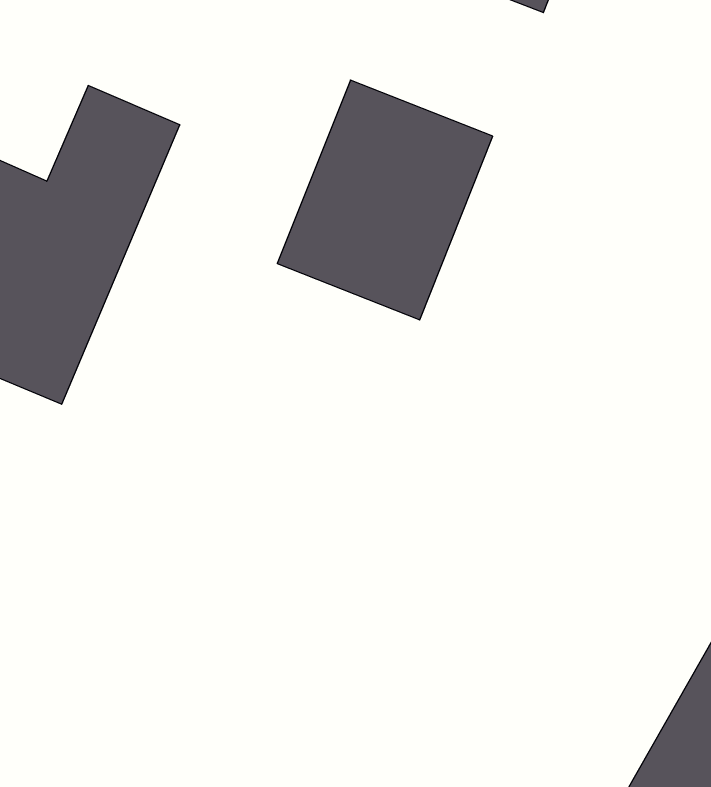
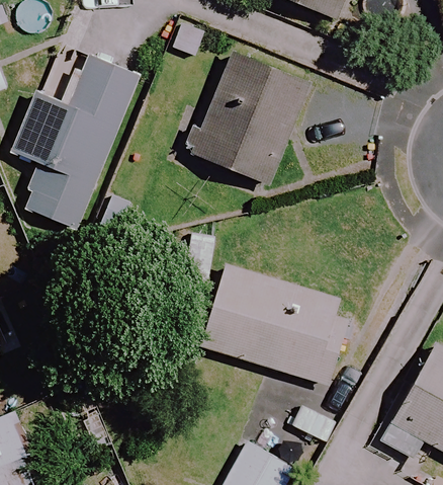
building: none -> [202,265,342,383]

